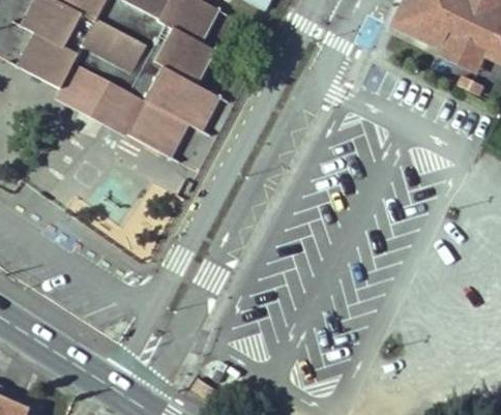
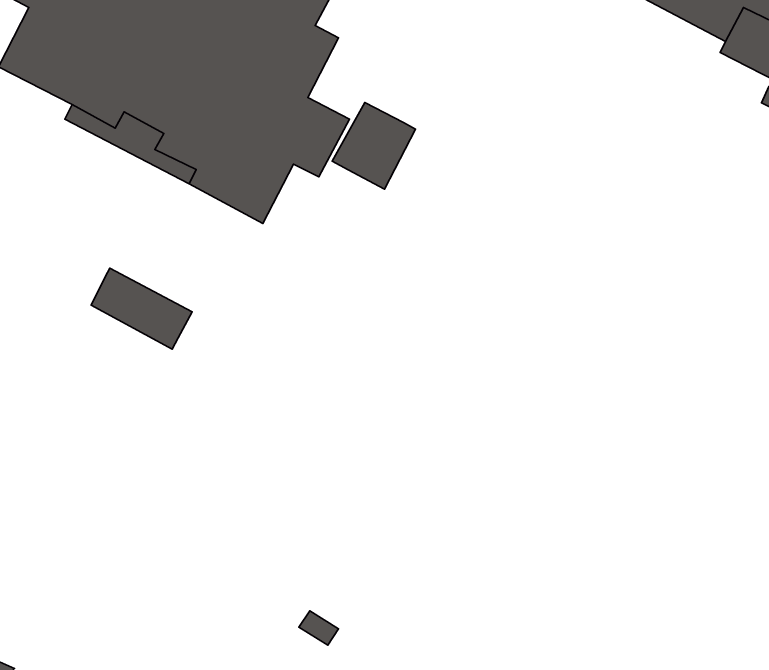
building: none -> [332,103,416,189]
building: none -> [91,268,192,349]

